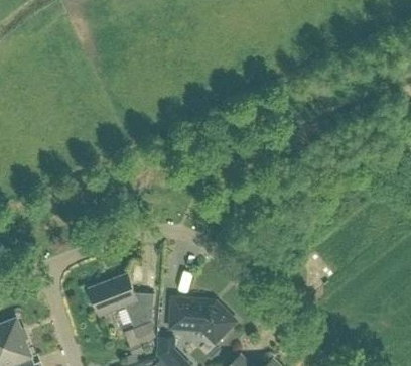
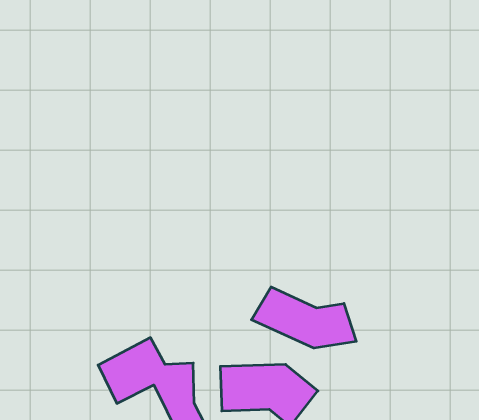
building: none -> [251,287,356,348]

